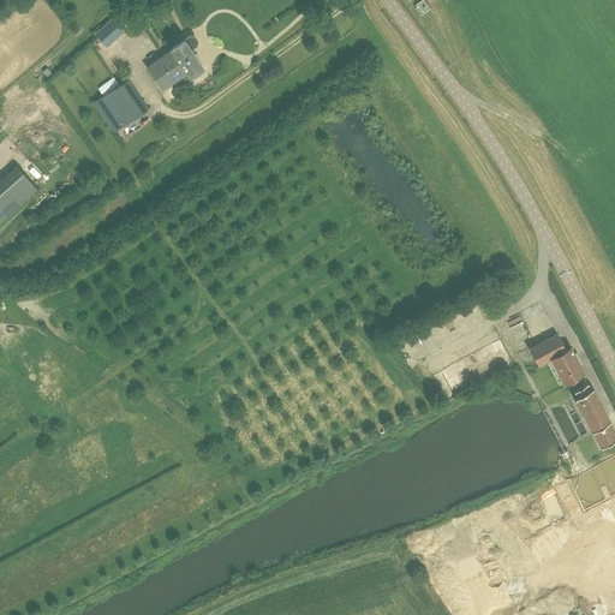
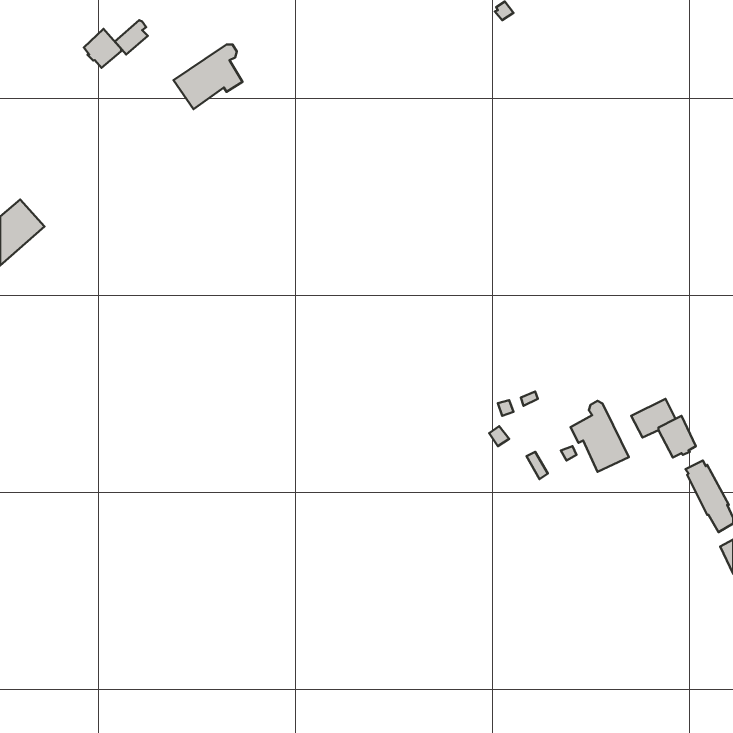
building: none -> [84,29,121,68]
building: [94,85,141,132] -> none
building: none -> [570,401,629,472]

